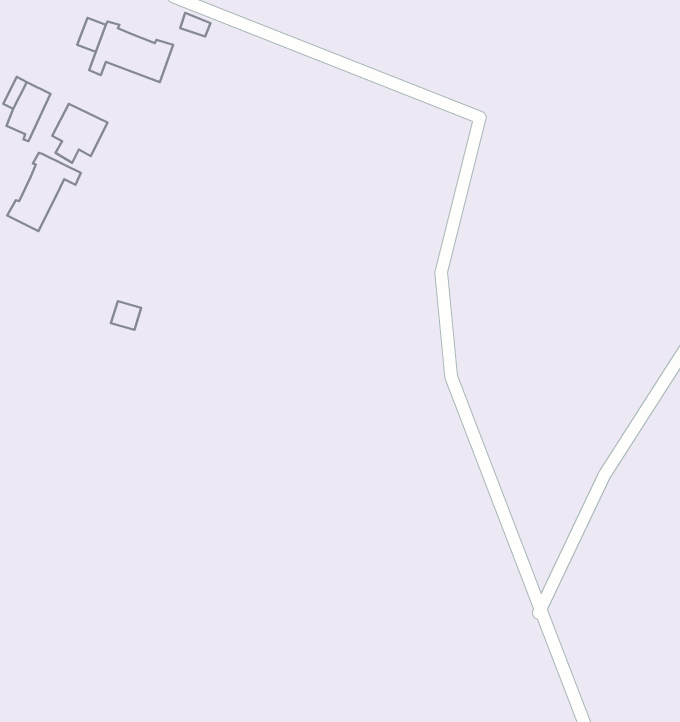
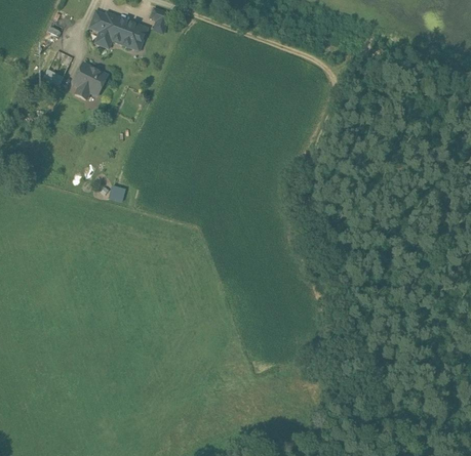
building: [7,153,81,231] -> none

